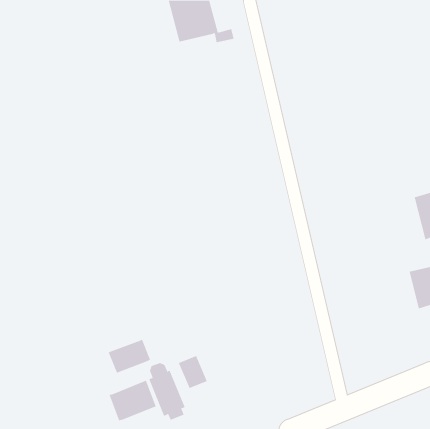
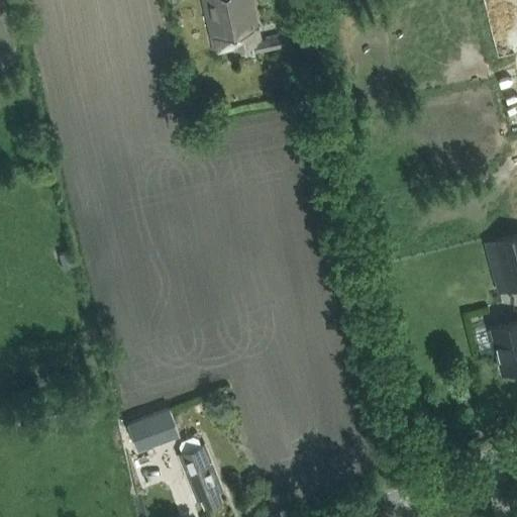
building: [178,355,207,389] -> none
building: [109,380,156,421] -> none

